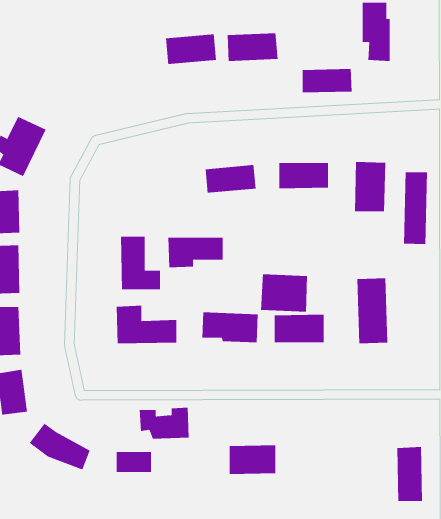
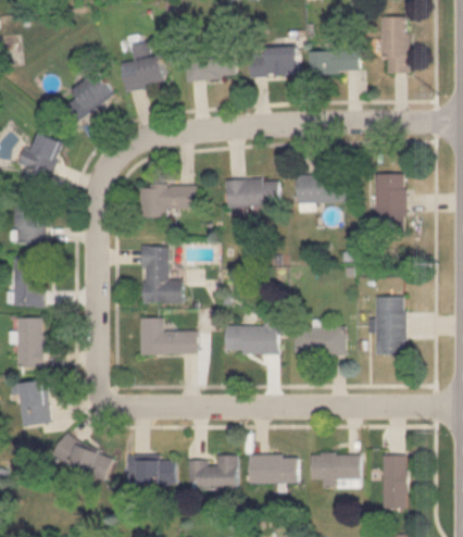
building: none -> [121,45,163,92]
building: none -> [62,72,114,123]
building: [302,69,353,93] -> [309,51,359,75]
building: [404,171,428,245] -> none
building: [167,237,224,268] -> [139,188,195,218]
building: [260,274,308,312] -> none
building: [139,407,189,439] -> [187,459,237,490]
building: none -> [311,455,358,491]
building: [397,447,423,502] -> [381,455,408,510]

